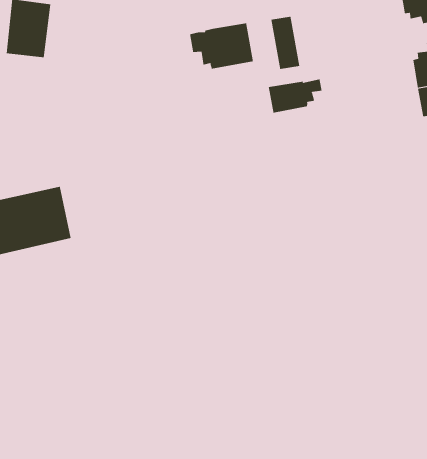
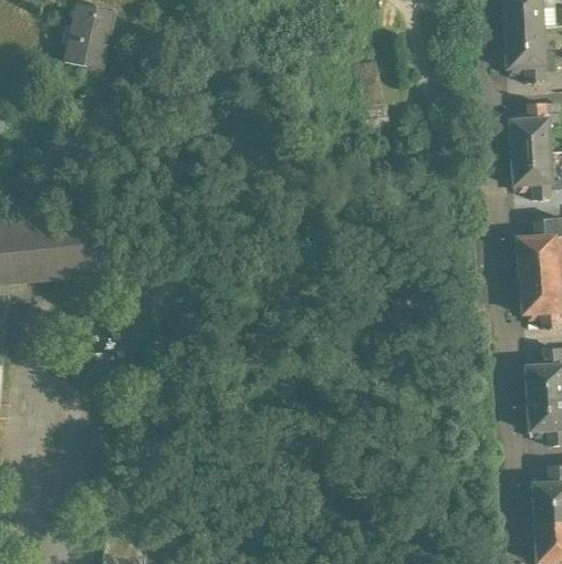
building: [189,23,253,70] -> none
building: [268,79,322,113] -> none

